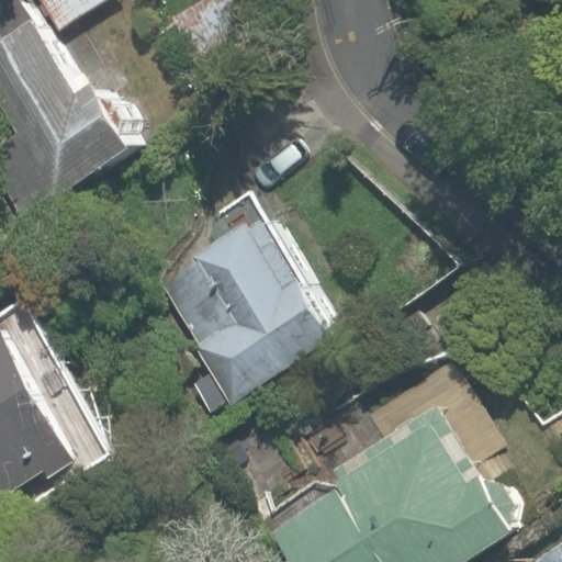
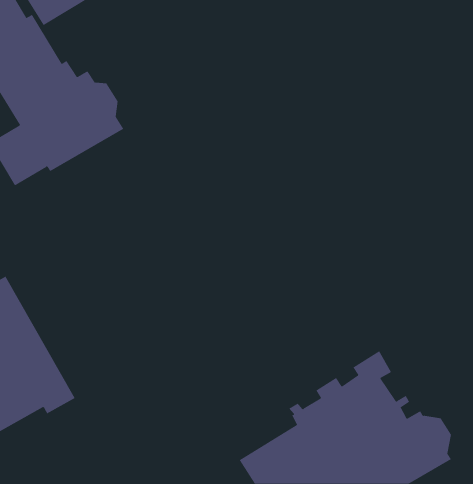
building: [158,218,341,409] -> none

